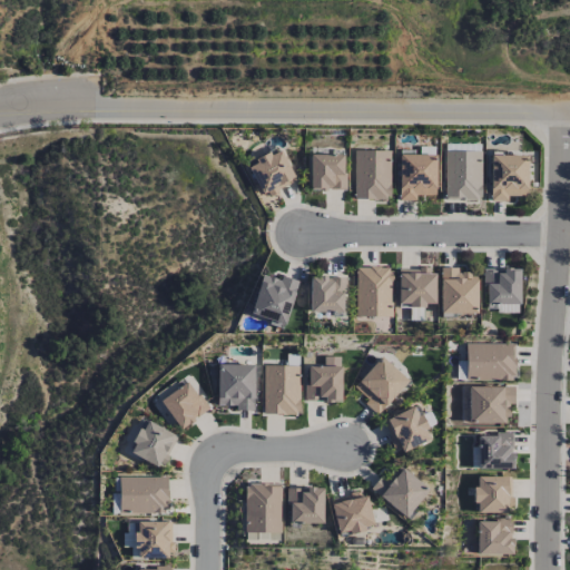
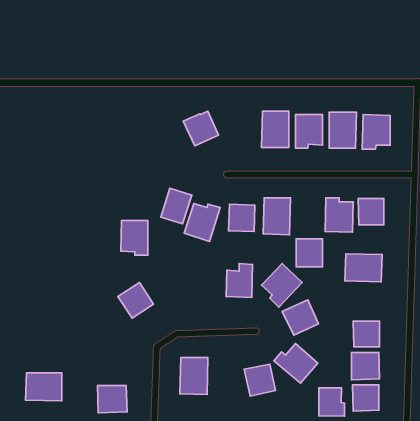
building: [311,154,346,190] -> none
building: none -> [161,188,192,224]
building: [400,268,435,306] -> [296,239,322,267]
building: [218,364,255,411] -> [121,221,148,255]
building: [264,365,302,415] -> none
building: [470,386,515,424] -> none
building: [131,420,178,469] -> none
building: [120,476,169,514] -> [26,373,62,401]
building: [289,488,324,524] -> none
building: none -> [319,388,345,416]

